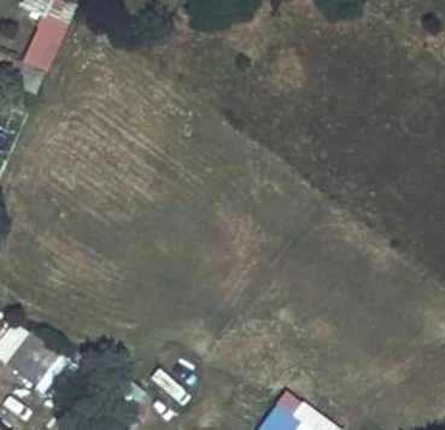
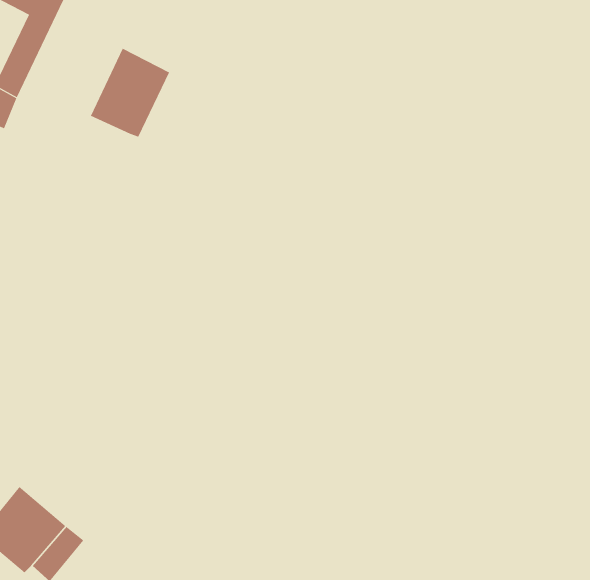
building: none -> [90,48,170,137]

